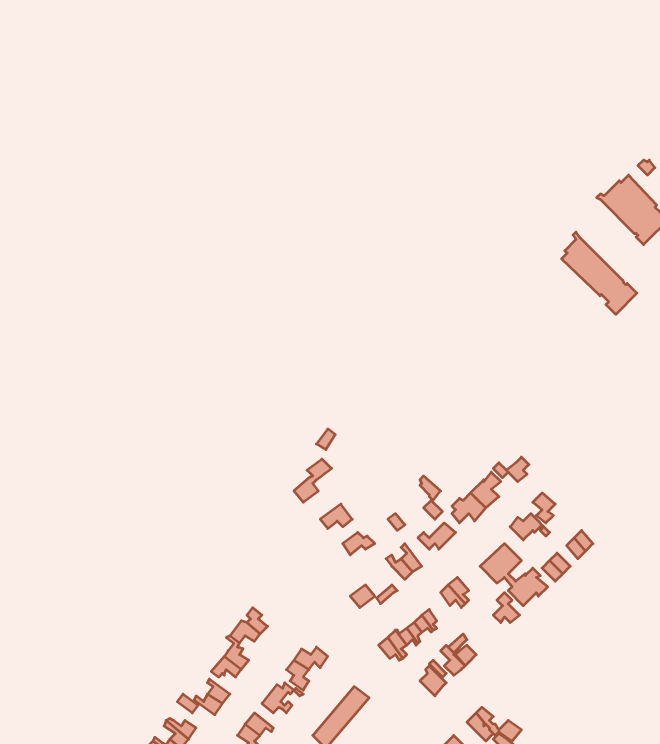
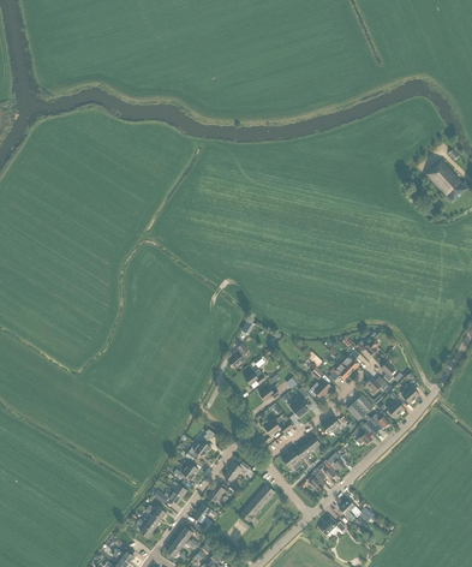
building: [562,232,637,314] -> none

